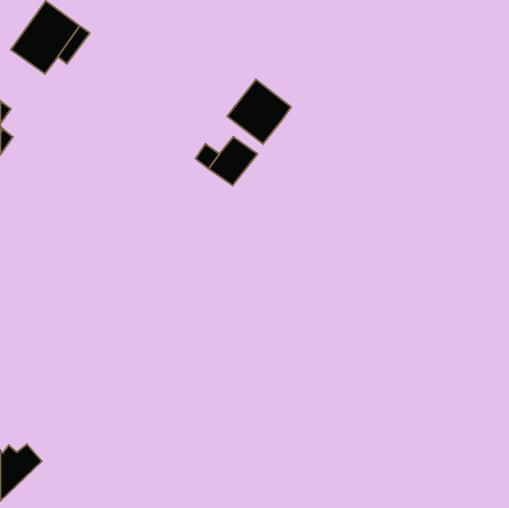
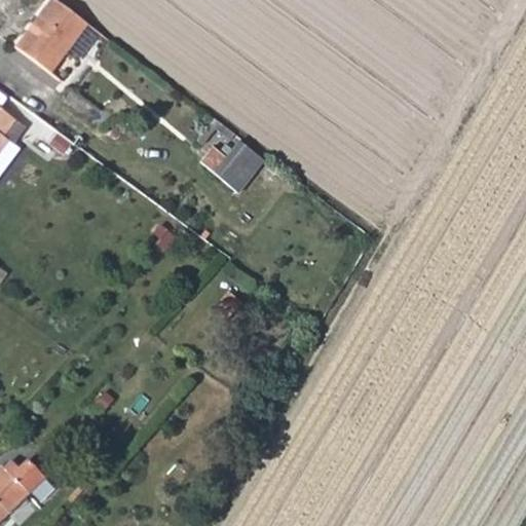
building: [227,79,291,144] -> none

